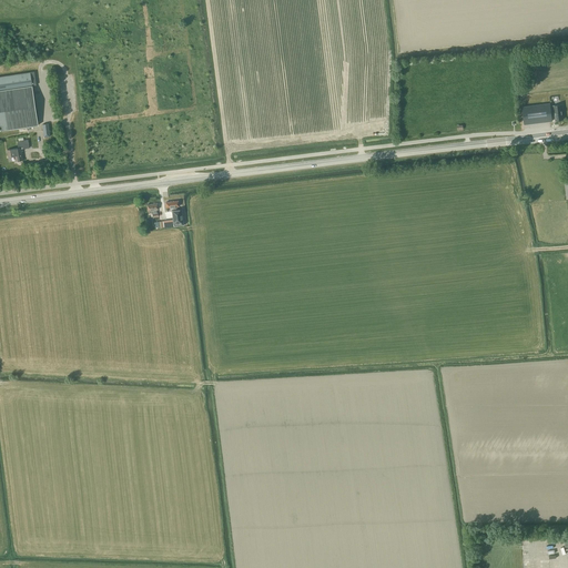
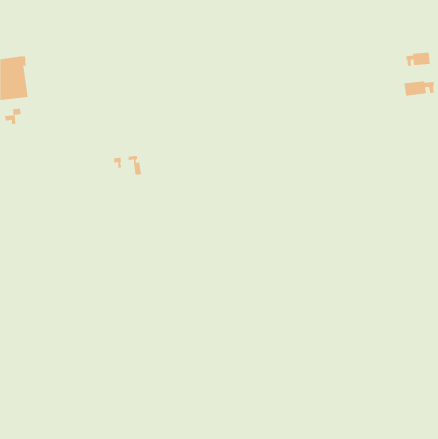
building: none -> [406,52,430,67]

